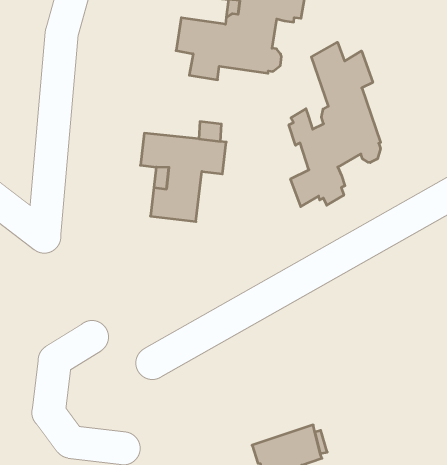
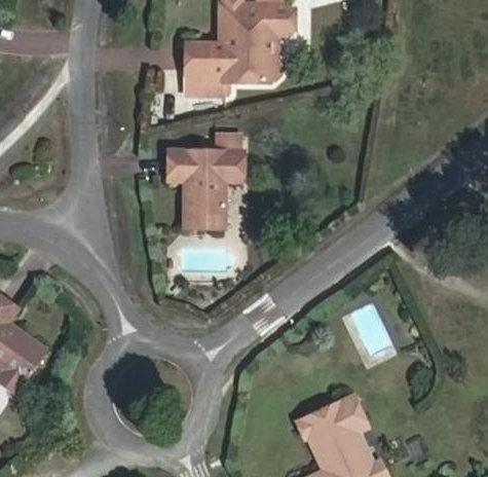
building: [289,42,381,207] -> none

